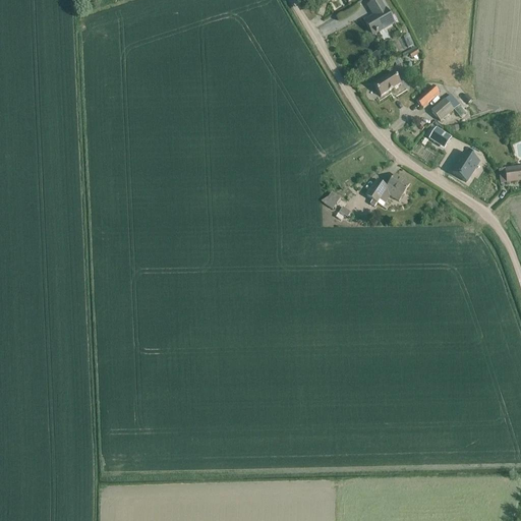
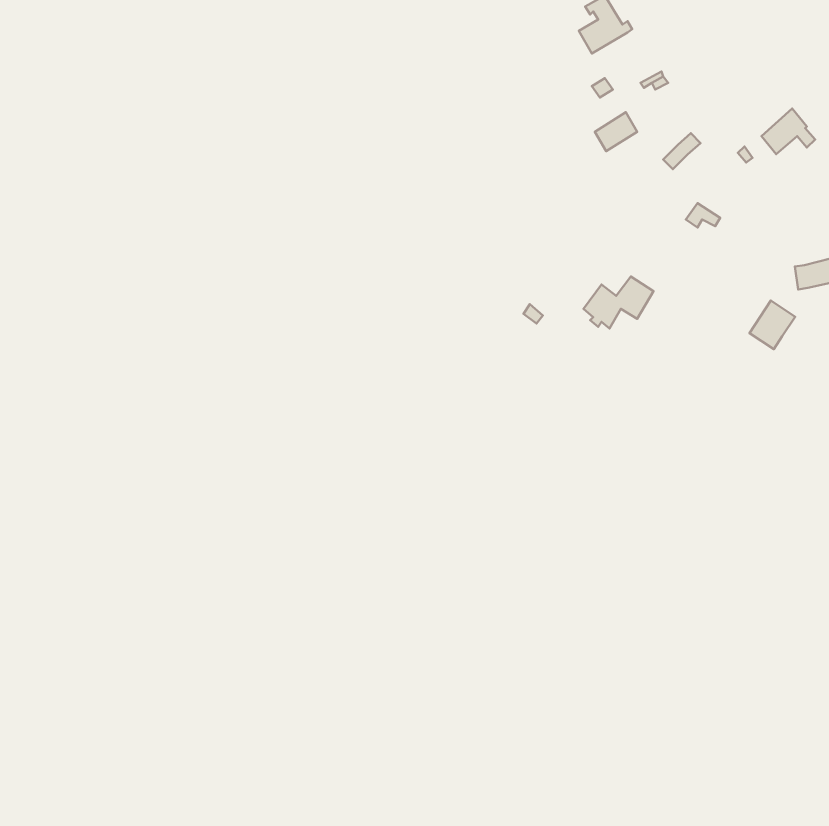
building: [432,92,466,120] -> [761,109,815,154]
building: [452,150,480,180] -> [750,301,795,349]

